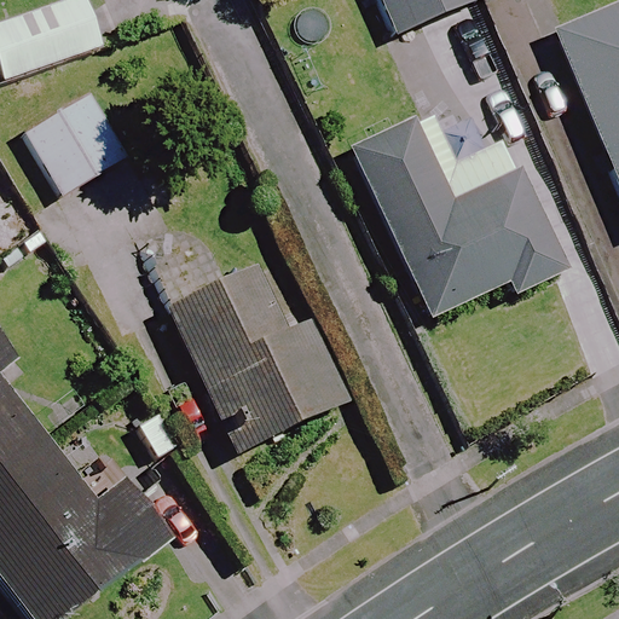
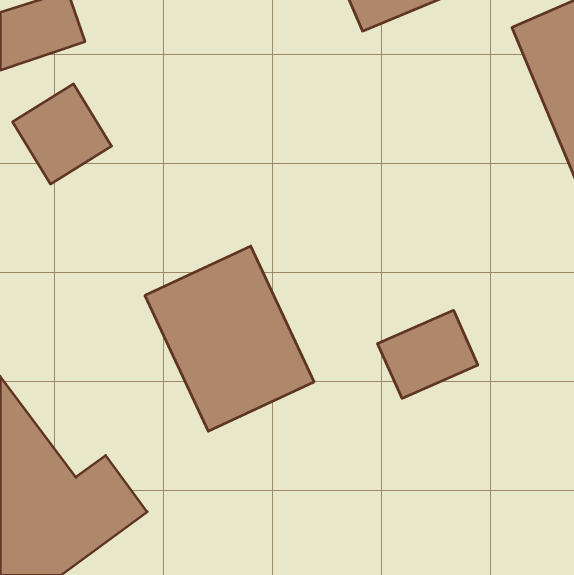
building: [349,110,571,318] -> none
building: none -> [378,310,478,398]

